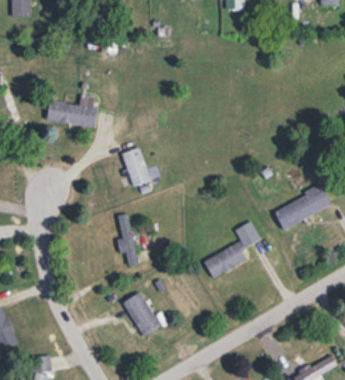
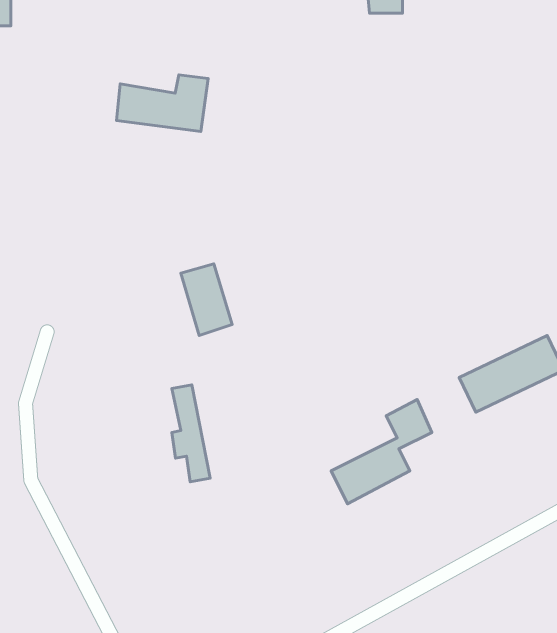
building: [47,95,97,126] -> [117,75,208,131]
building: [123,292,160,337] -> none

